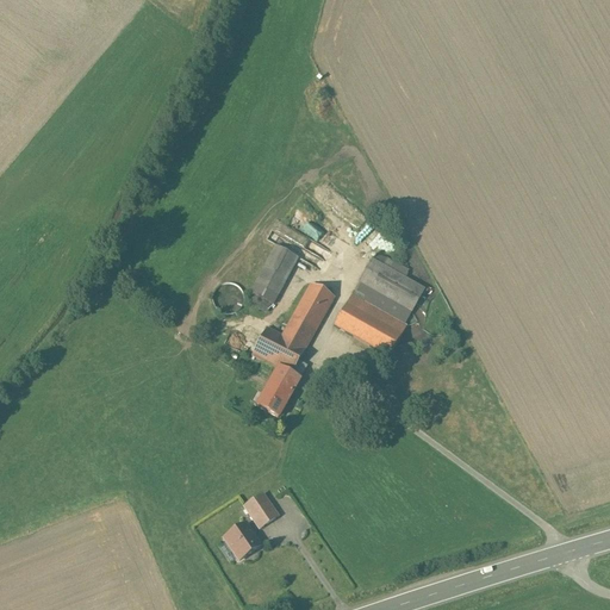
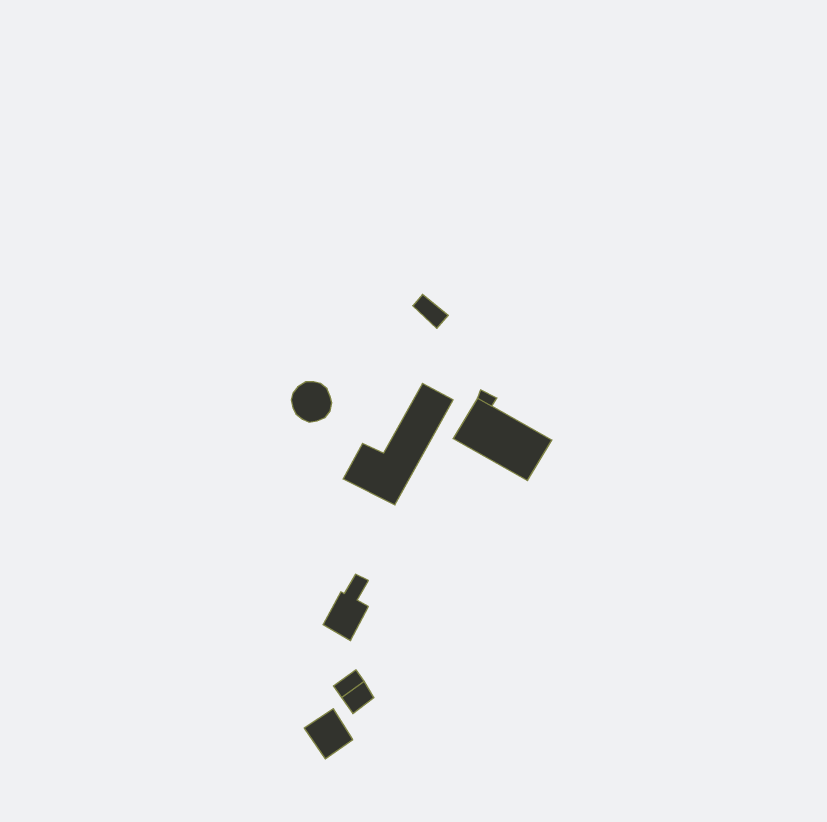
building: [250,243,297,303] -> none
building: [359,257,423,309] -> none
building: [257,367,291,416] -> [323,574,368,641]

